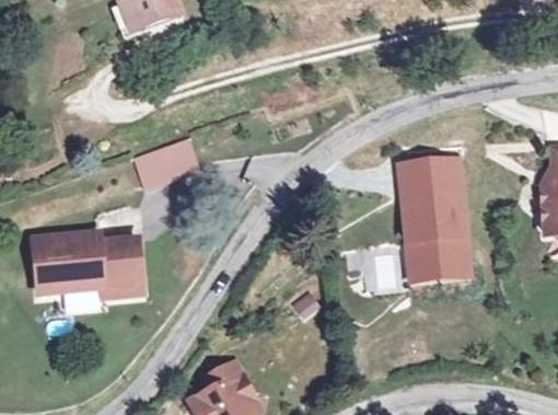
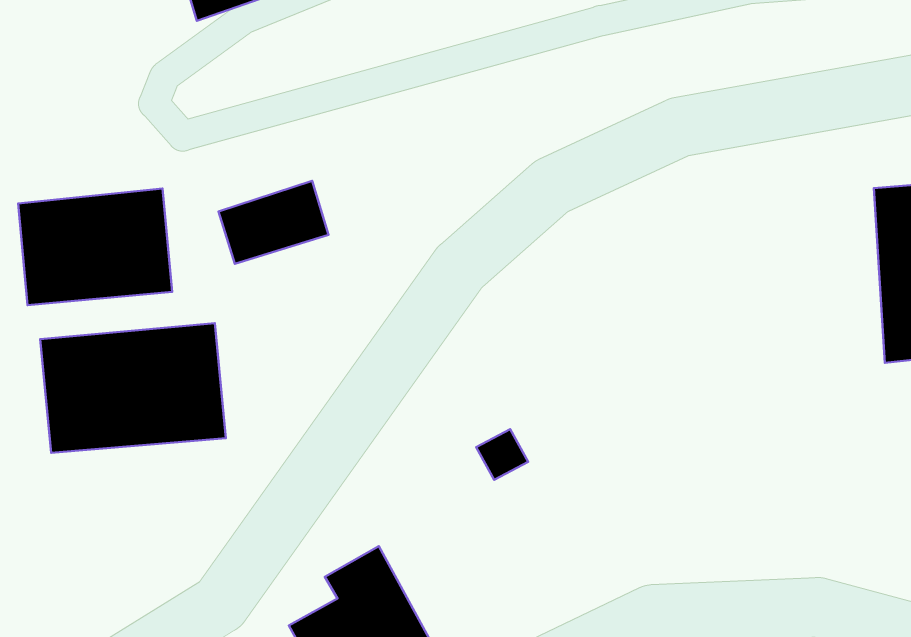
building: none -> [18,189,172,305]
building: [402,157,475,281] -> none

